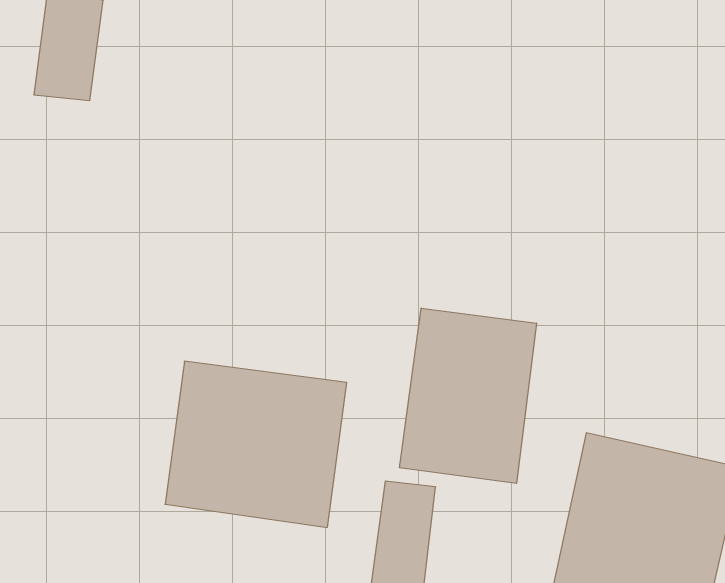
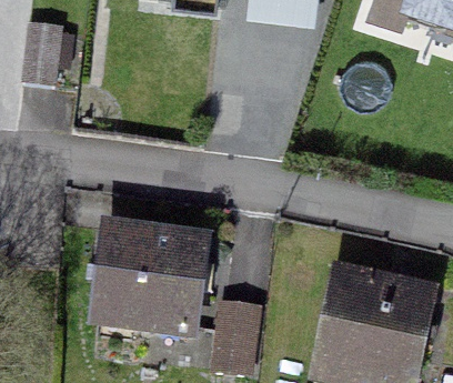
building: [400,308,536,483] -> none

